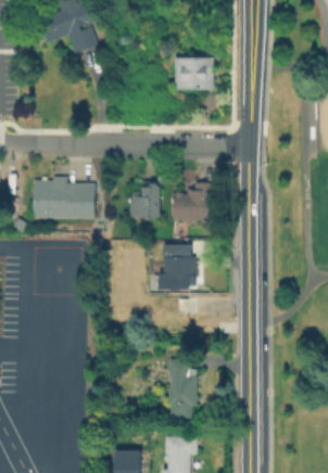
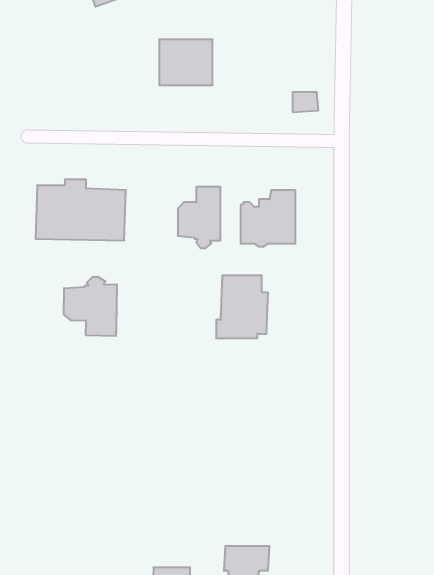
building: [176,57,214,90] -> [159,39,213,85]
building: none -> [64,277,117,336]
building: [169,359,198,419] -> none

